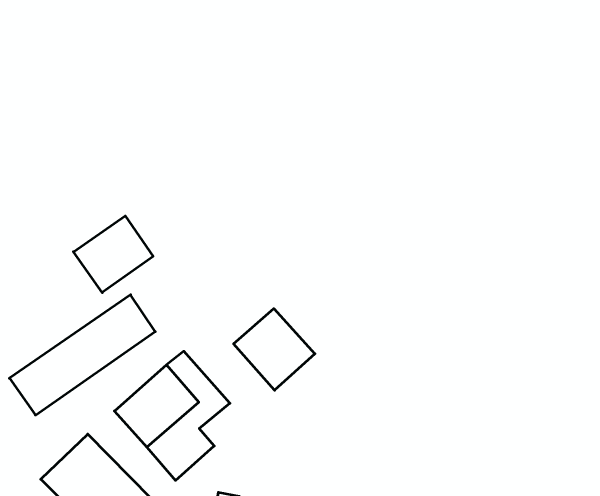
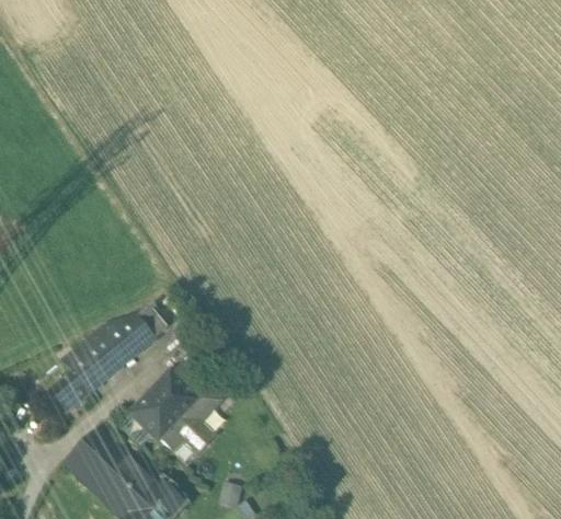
building: [73,216,153,293] -> none
building: [234,309,315,390] -> none

